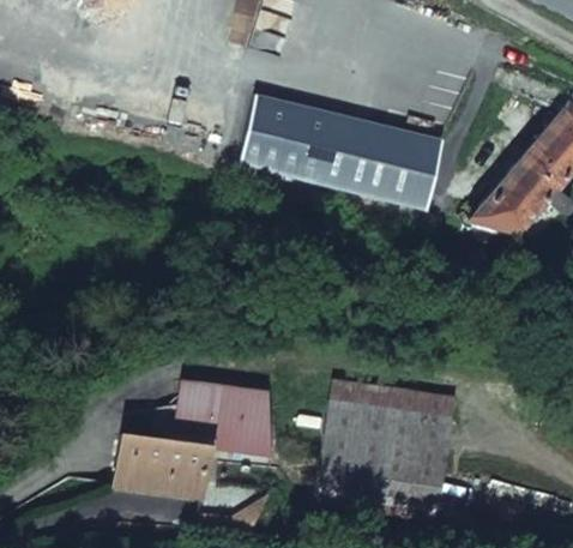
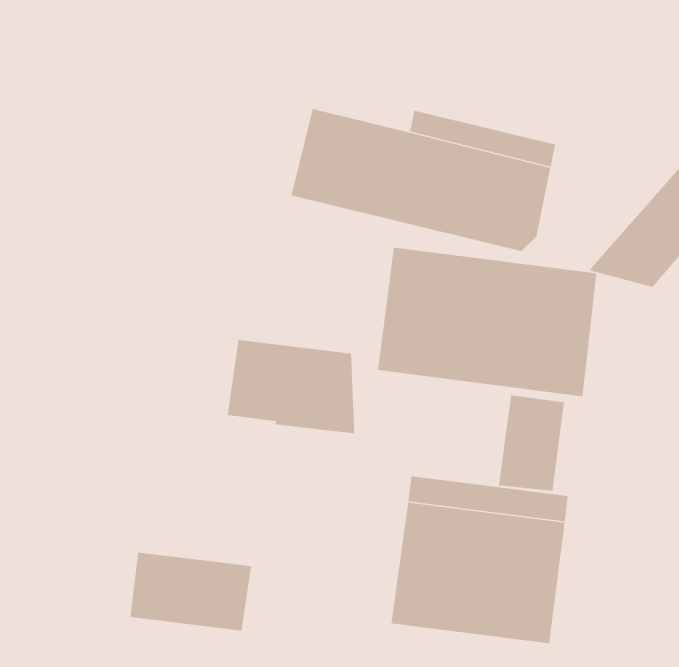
building: none -> [377,247,597,397]
building: none -> [498,394,565,492]
building: [173,385,271,458] -> [227,339,355,434]

